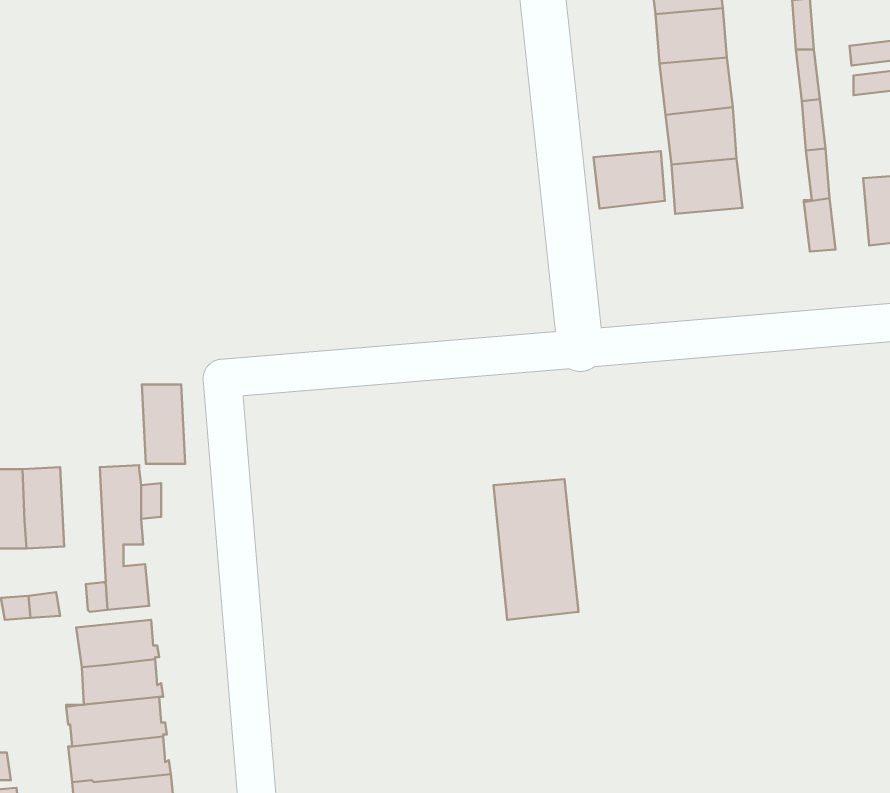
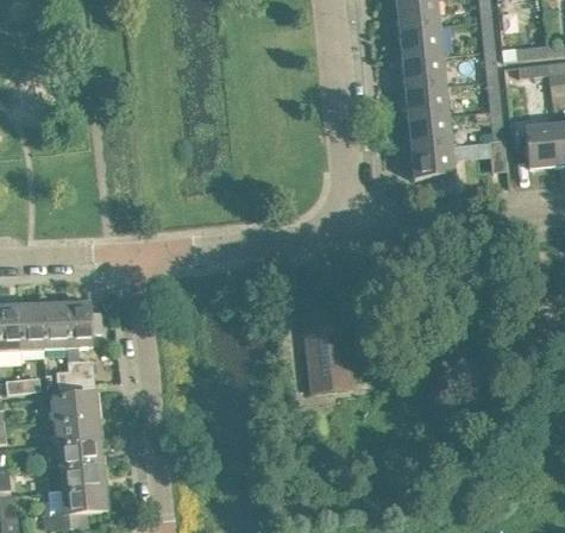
building: [593,151,665,209] -> [410,145,453,180]
building: [142,385,185,464] -> [40,301,67,349]

